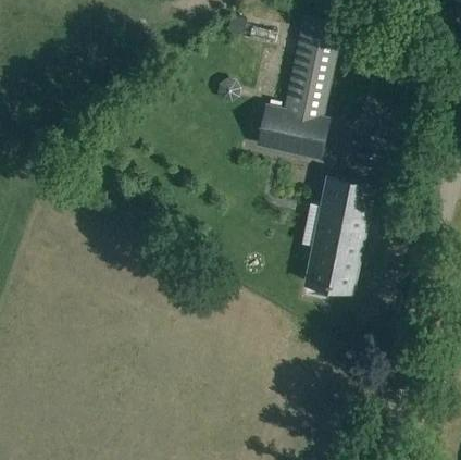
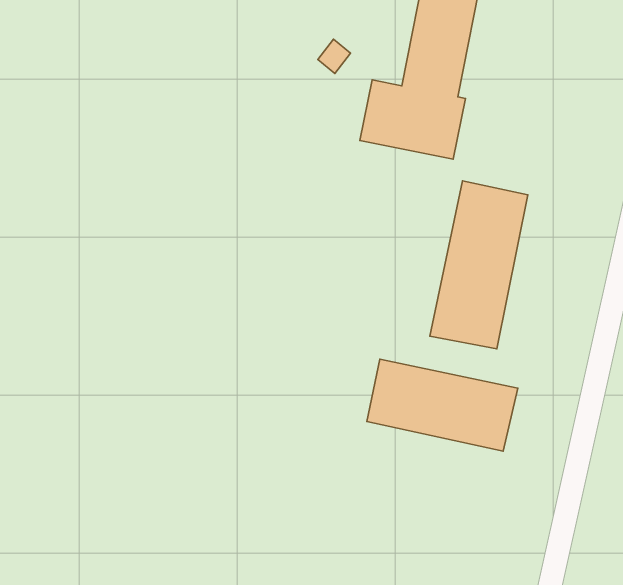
building: none -> [367,359,518,451]

